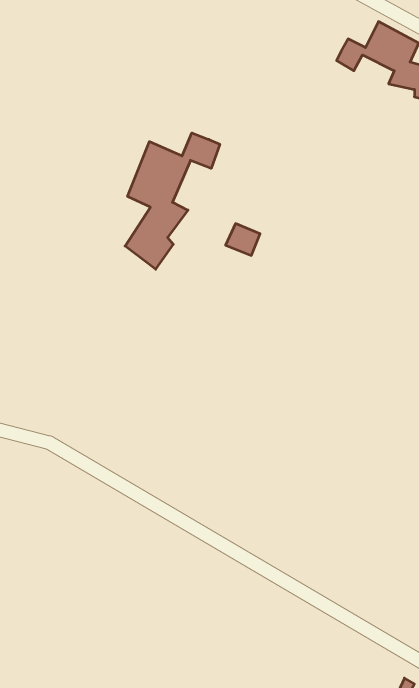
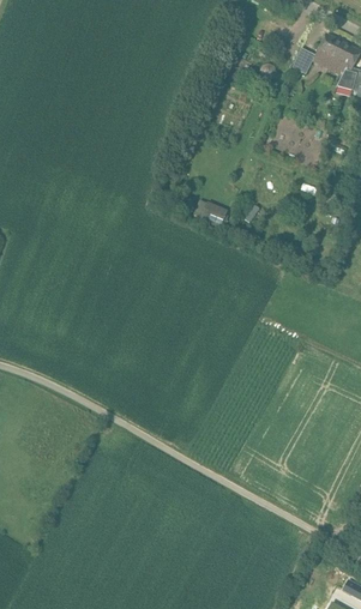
building: [125,133,220,269] -> none

